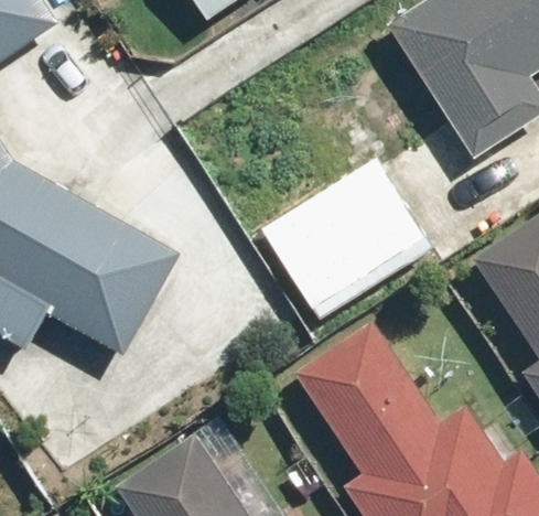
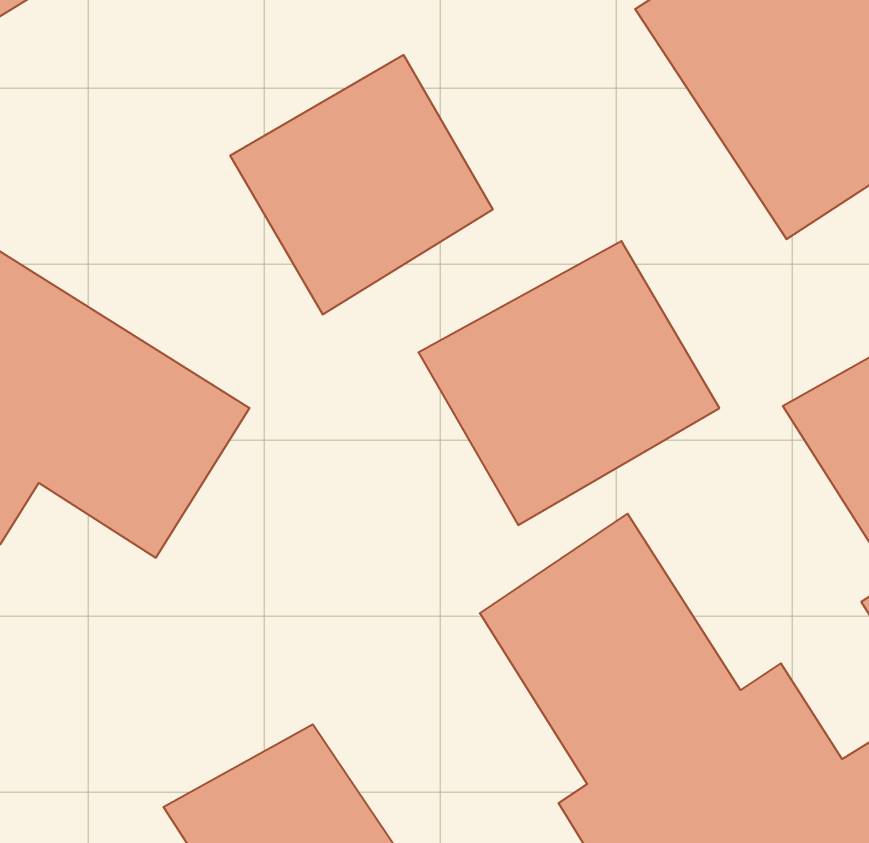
building: none -> [230,55,493,315]

